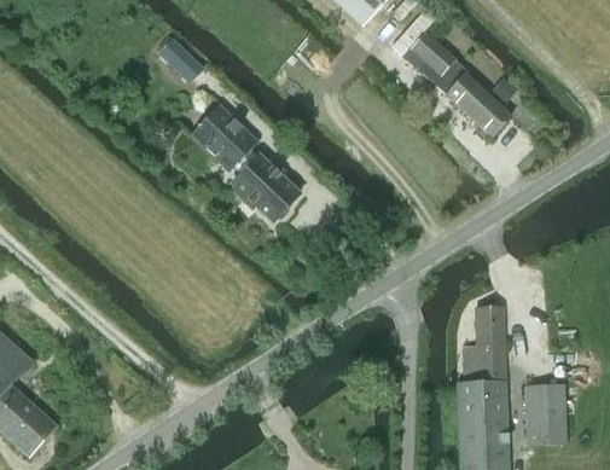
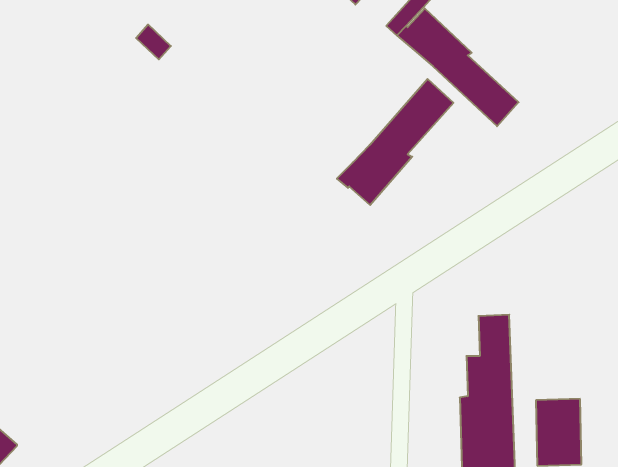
building: none -> [337,79,453,205]
building: [194,106,298,222] -> none

